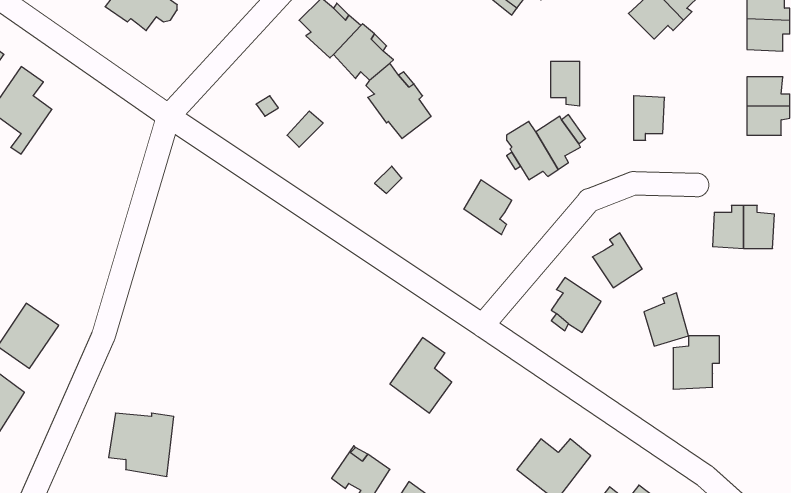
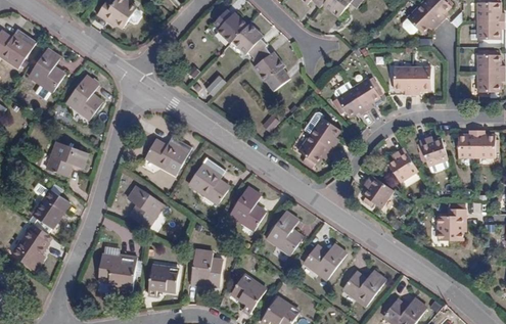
building: [551,61,580,106] -> [394,65,411,92]
building: none -> [65,75,102,119]
building: none -> [297,133,332,163]
building: none -> [144,136,191,175]
building: none -> [46,141,88,176]
building: none -> [188,157,230,203]
building: [644,293,689,346] -> [419,132,446,164]
building: none -> [127,185,164,228]
building: none -> [229,186,266,230]
building: none -> [303,242,347,280]
building: none -> [190,249,223,286]
building: none -> [147,264,178,296]

